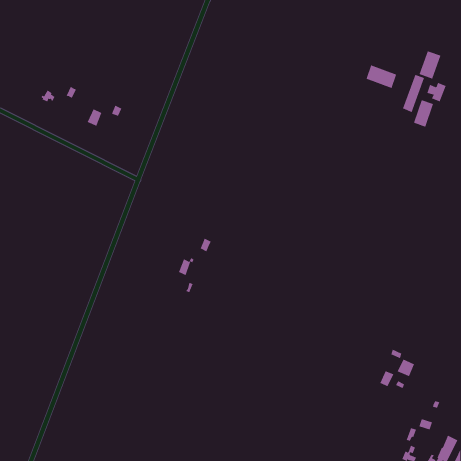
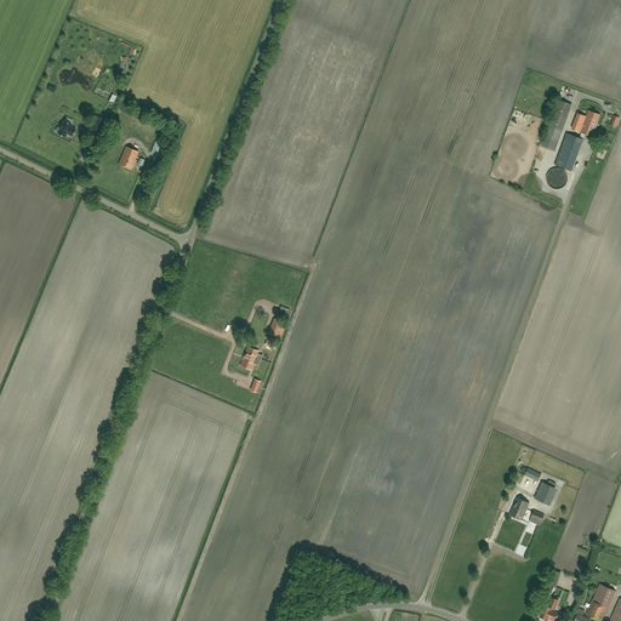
building: [419,50,441,79] -> none
building: [366,65,397,89] -> none

